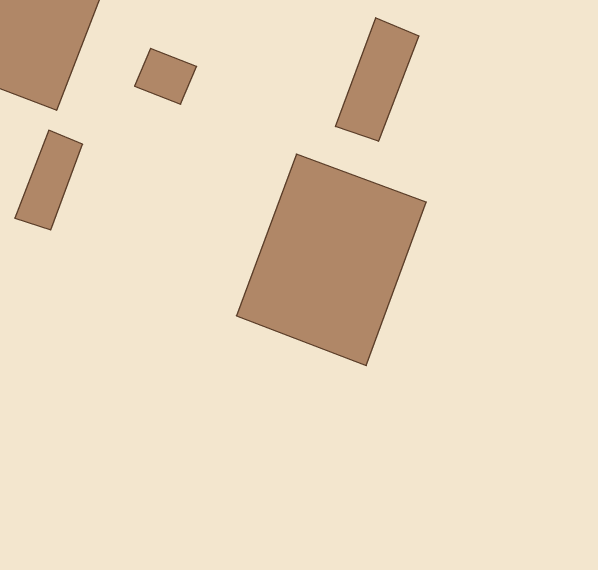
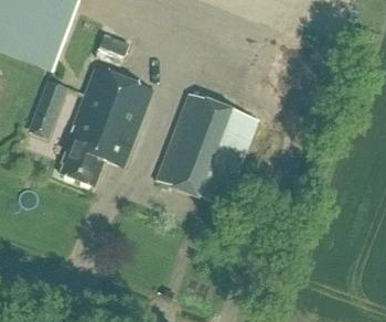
building: [336,18,419,141] -> none
building: none -> [58,67,150,187]

